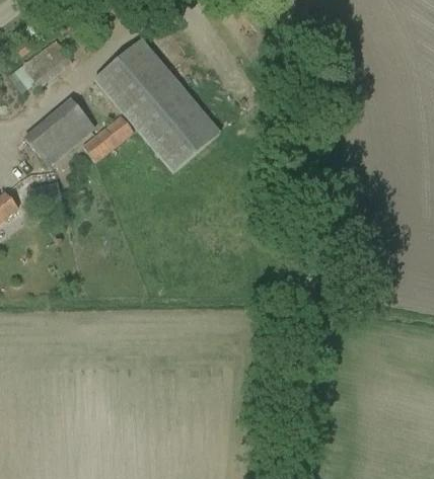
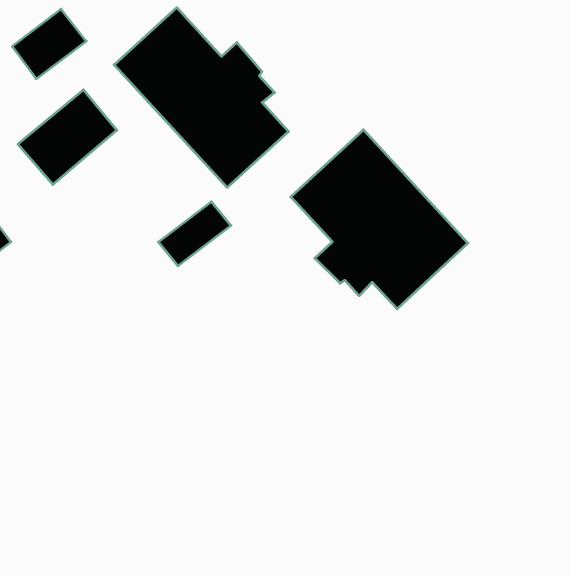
building: [81,114,134,161] -> [158,202,231,266]
building: none -> [291,130,468,309]

